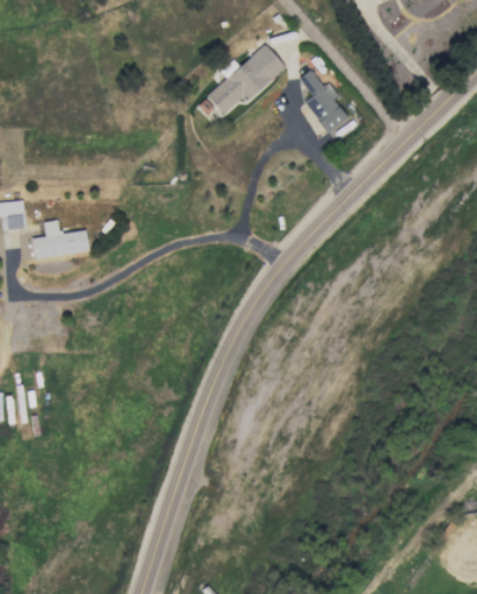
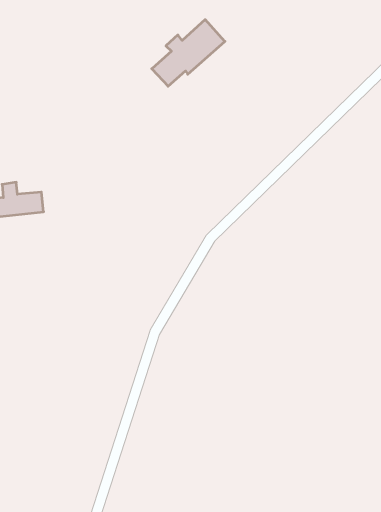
building: [299,70,348,133] -> none

